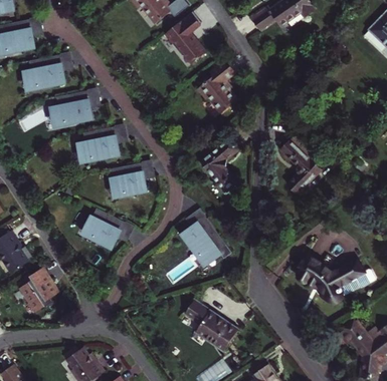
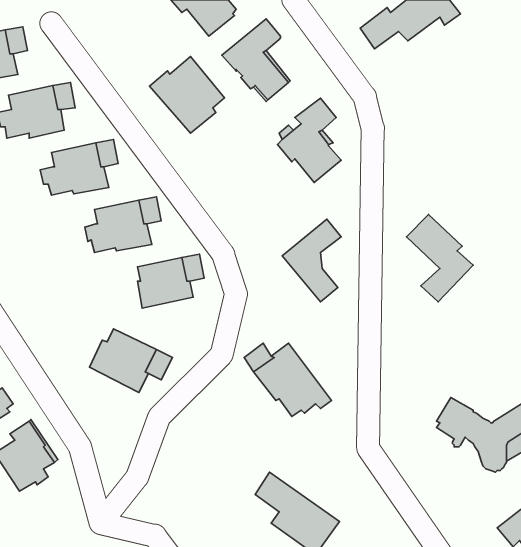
building: none -> [150,57,225,133]

